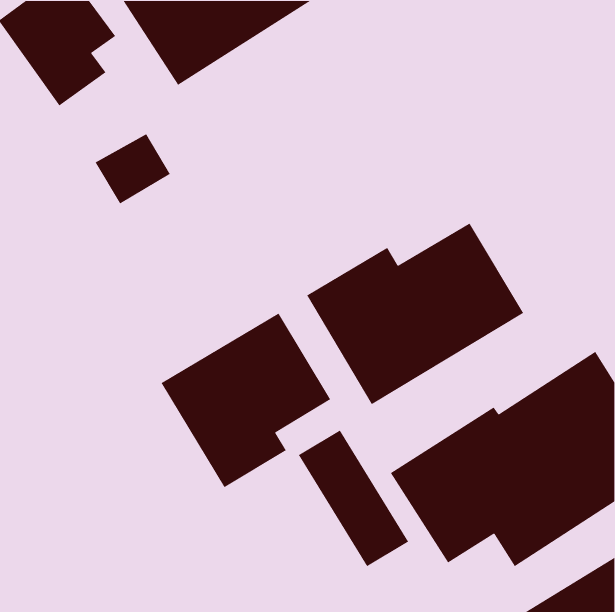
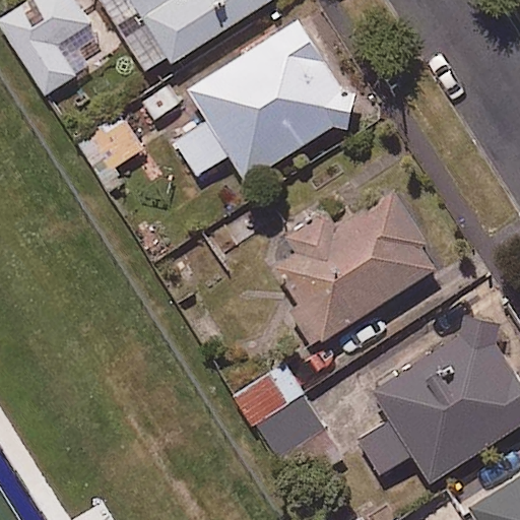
building: none -> [172,19,356,180]
building: [161,312,331,488] -> none

